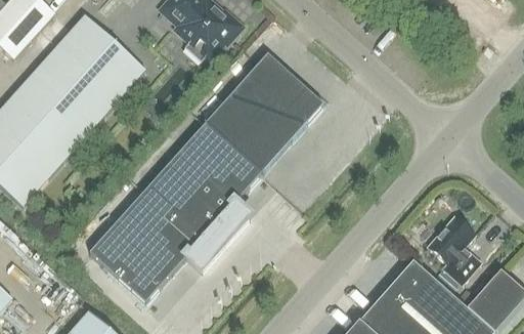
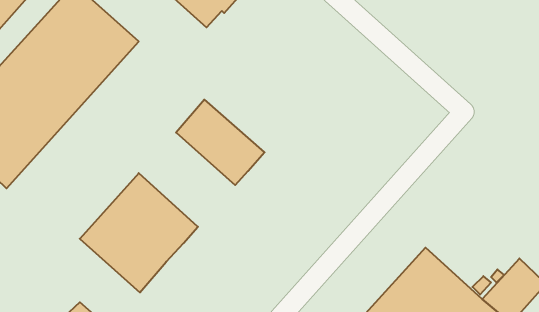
building: [207,53,323,171] -> none
building: [145,153,251,270] -> none
building: [428,215,481,283] -> none

